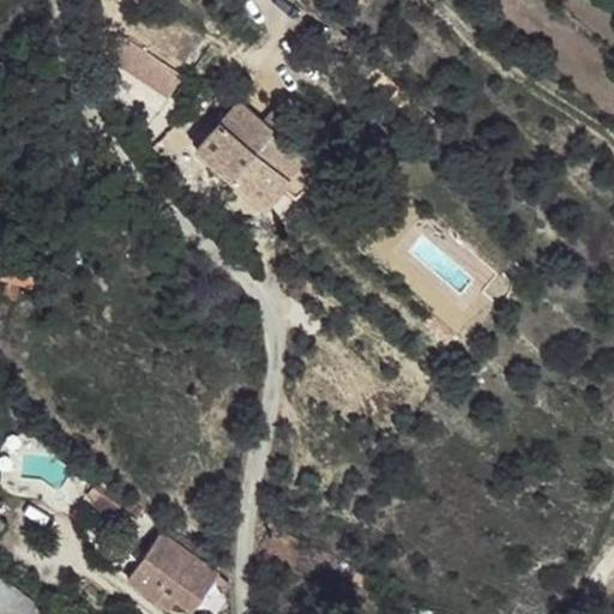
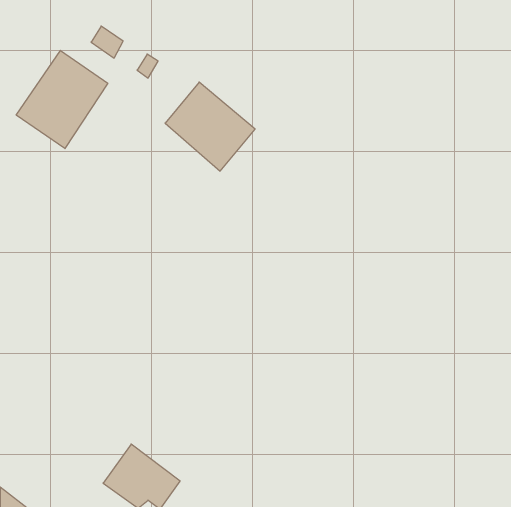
building: none -> [16,50,108,149]

